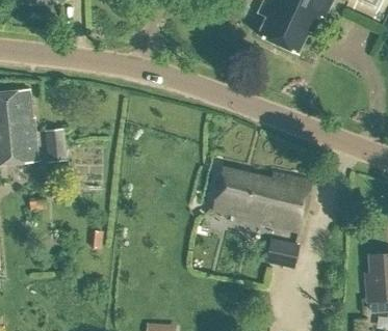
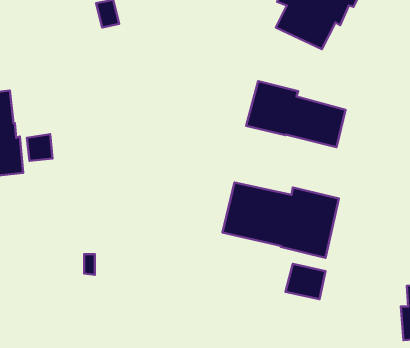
building: none -> [246,81,346,147]

